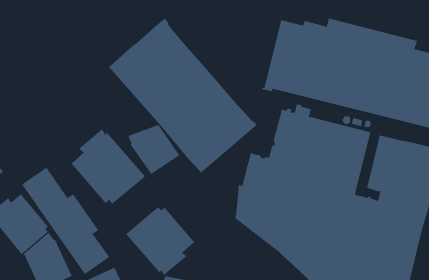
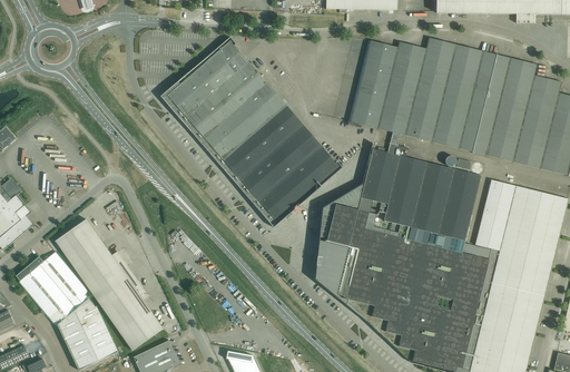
building: [128,124,180,175] -> none
building: [71,129,146,205] -> none
building: [125,206,195,276] -> none

